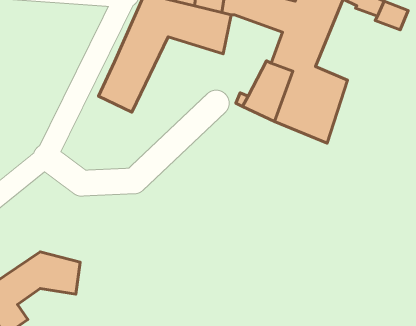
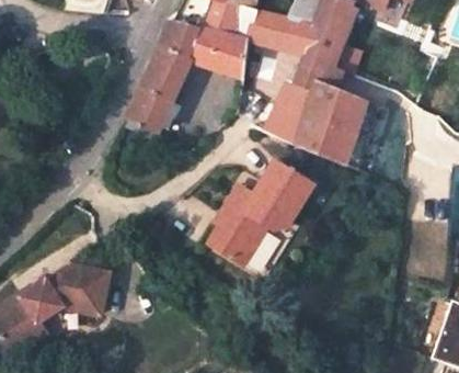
building: none -> [211,157,315,263]

